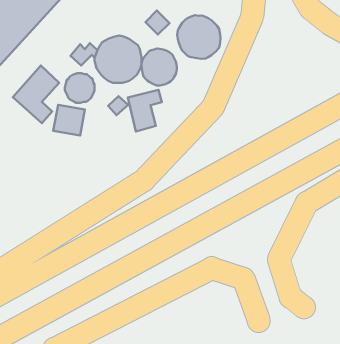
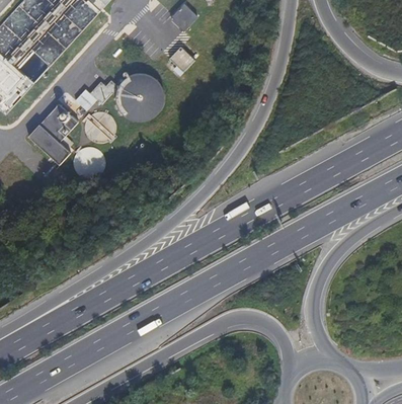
building: [177,15,220,59] -> none
building: [142,49,177,86] -> none
building: [128,90,162,131] -> none

